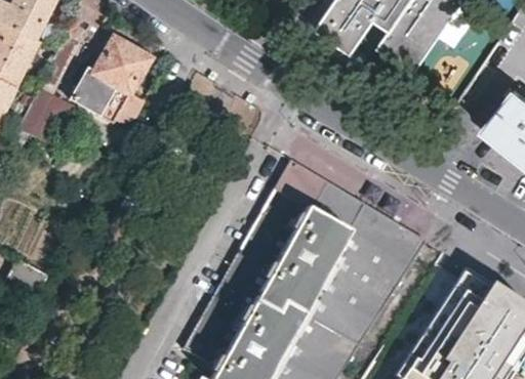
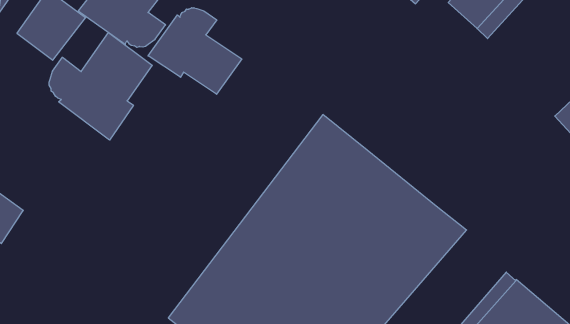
building: none -> [148,8,242,94]
building: none -> [49,32,152,140]

